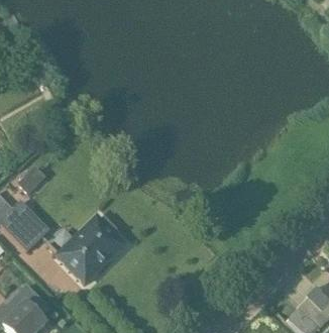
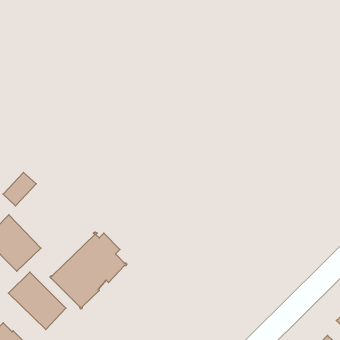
building: none -> [9,272,66,329]

